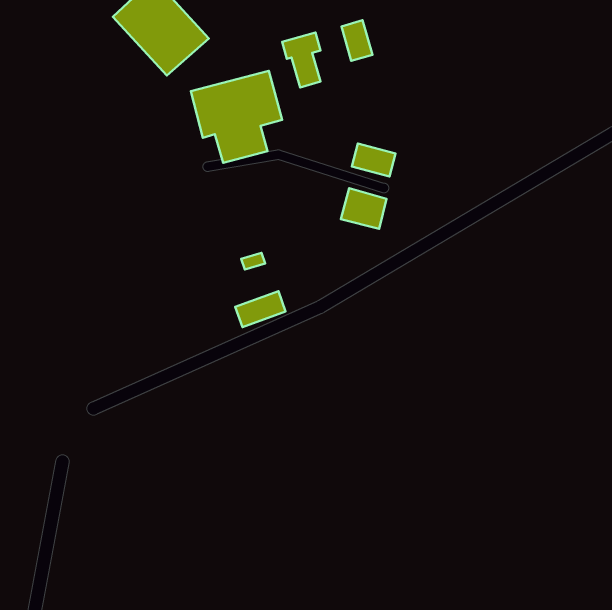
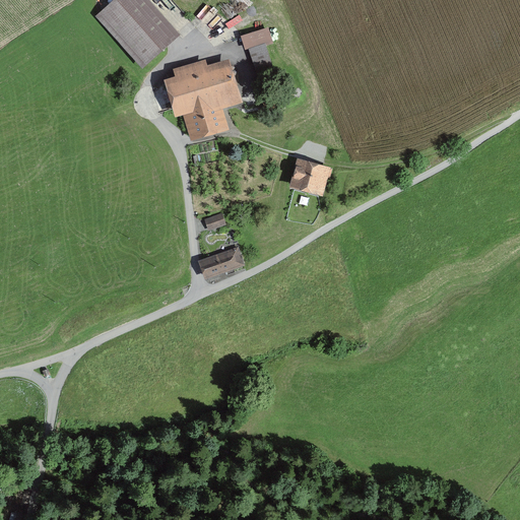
building: [341,20,372,61] -> none
building: [352,144,395,176] -> none

